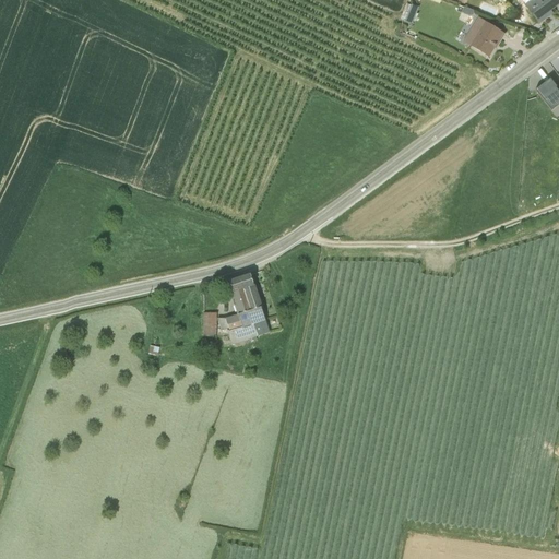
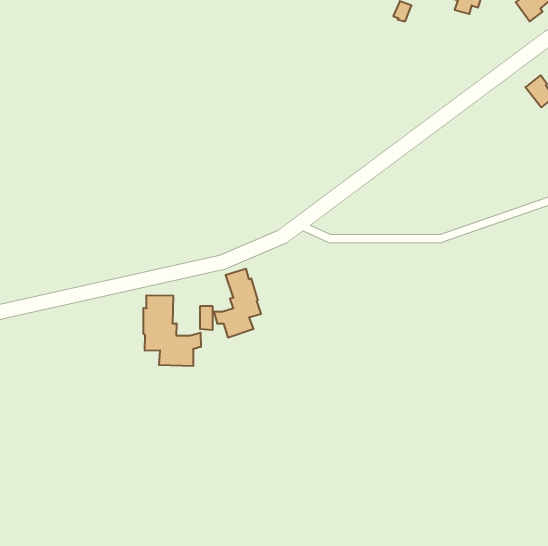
building: [464,16,504,56] -> none
building: none -> [144,295,201,366]

